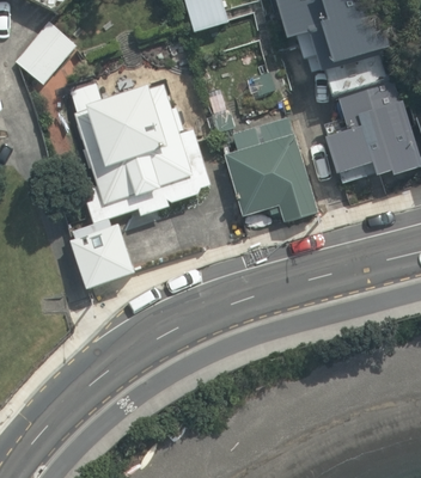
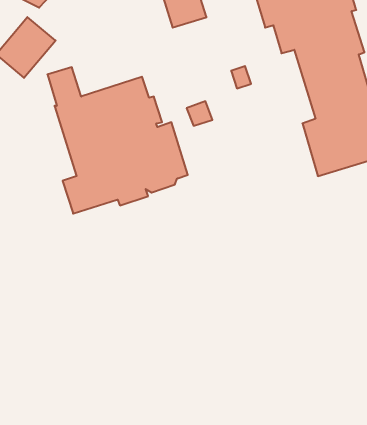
building: [224,118,317,223] -> none
building: [69,223,135,289] -> none

